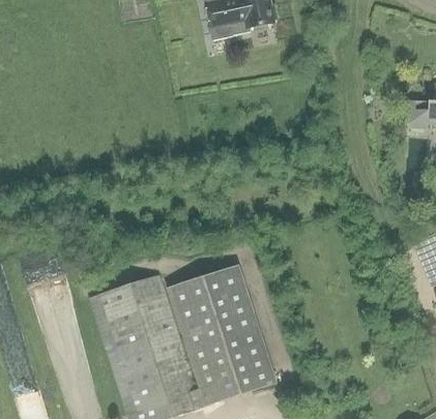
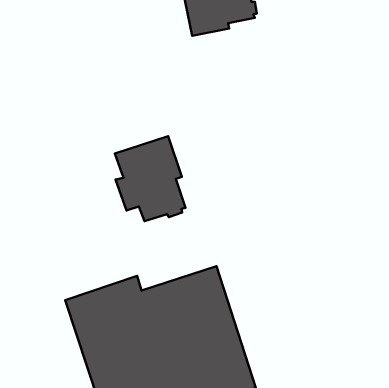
building: none -> [115,136,186,221]

